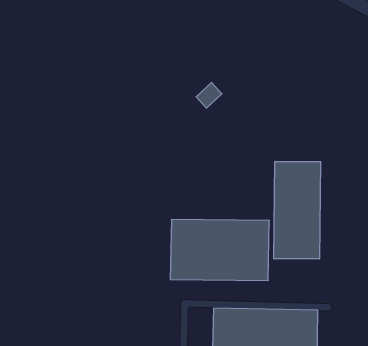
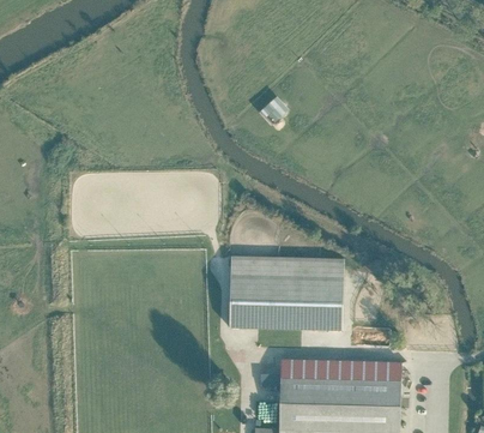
building: [274,161,321,259] -> none

